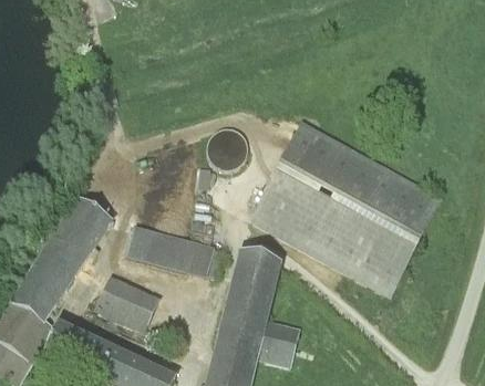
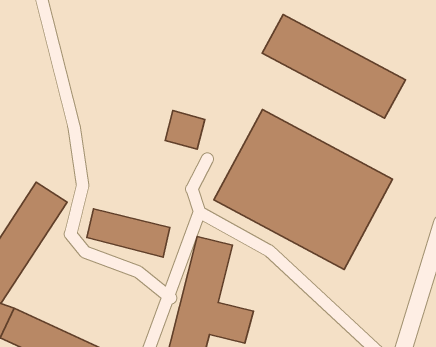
building: none -> [262,14,405,118]
building: [99,275,158,326] -> none

